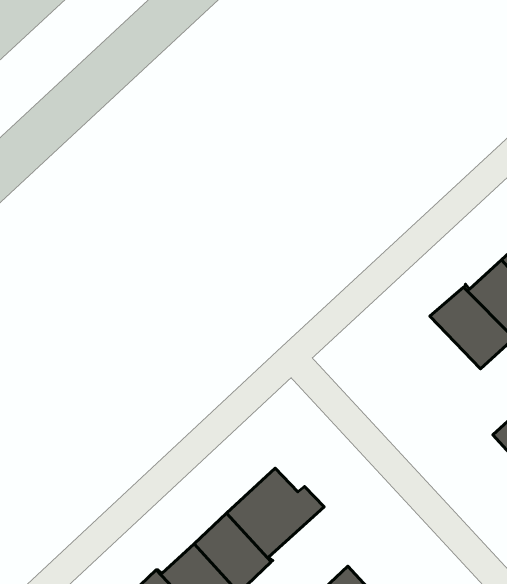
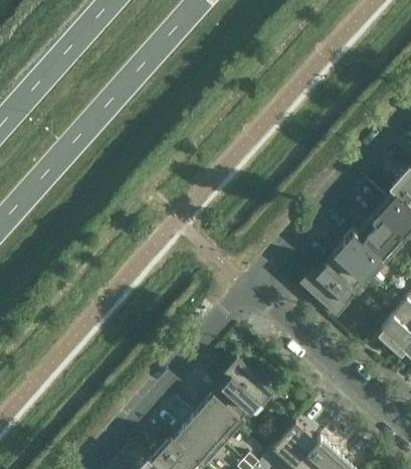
building: none -> [304,252,369,315]

